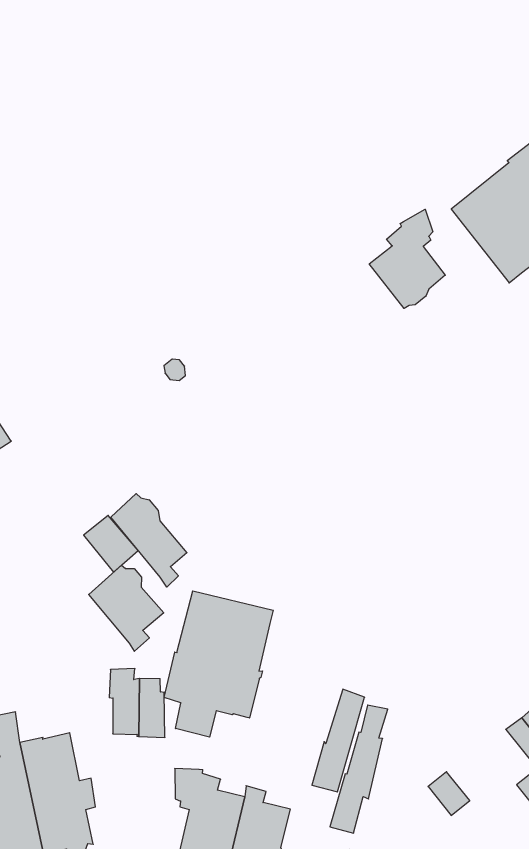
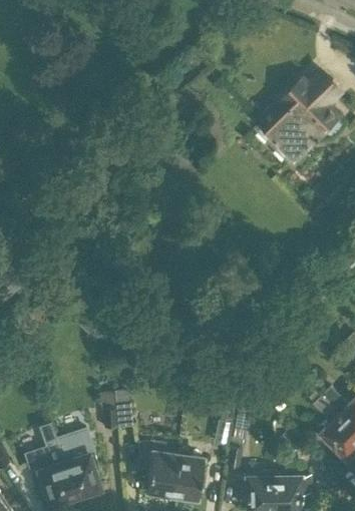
building: [369,209,445,308] -> none
building: [111,494,187,587] -> none
building: [89,565,164,651] -> none
building: [164,591,273,737] -> none

